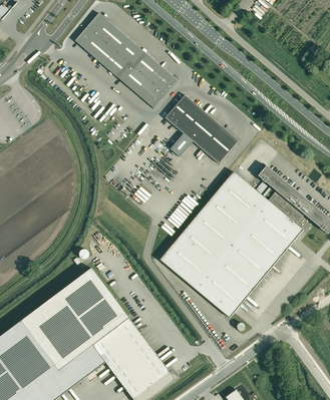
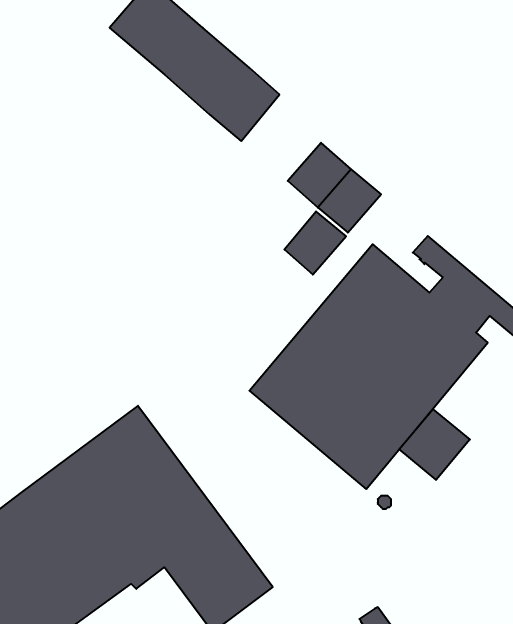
building: [164,94,202,132] -> [284,211,346,275]
building: none -> [399,409,470,480]

